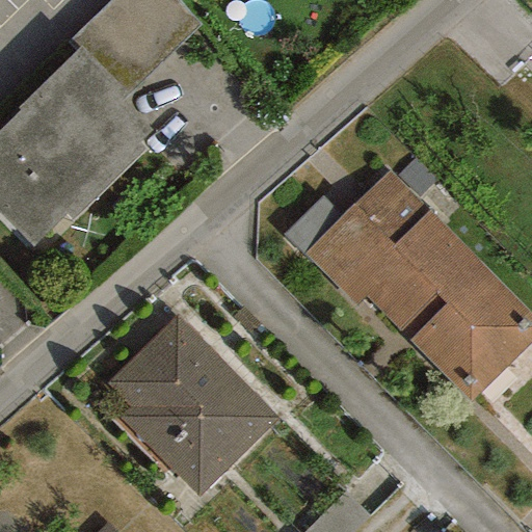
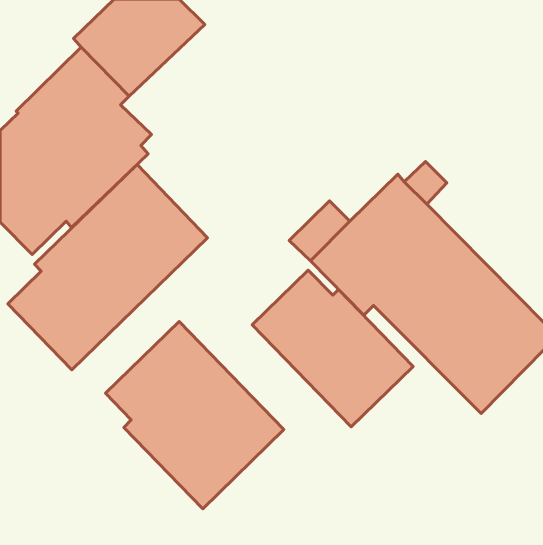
building: none -> [8,165,208,370]
building: none -> [252,270,413,427]

